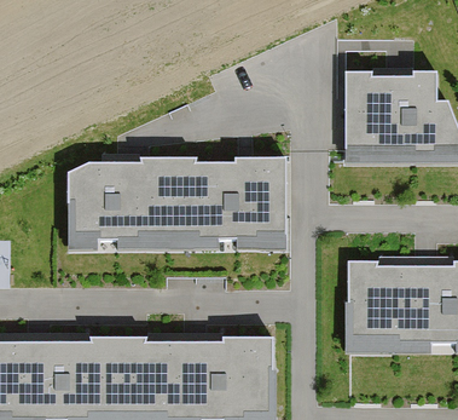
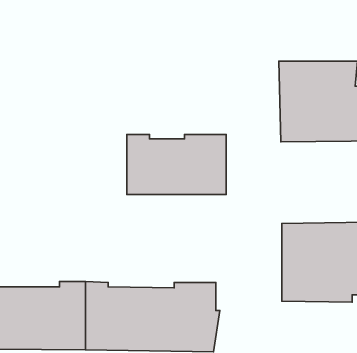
building: [68,163,168,234] -> none

